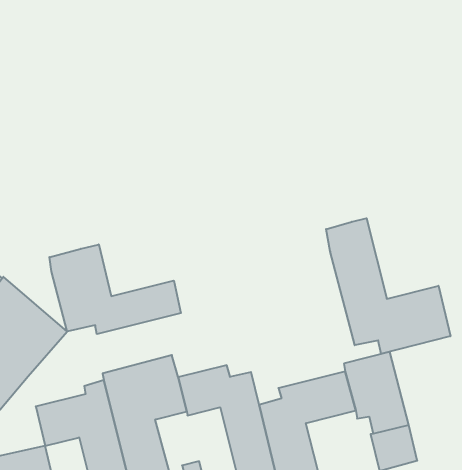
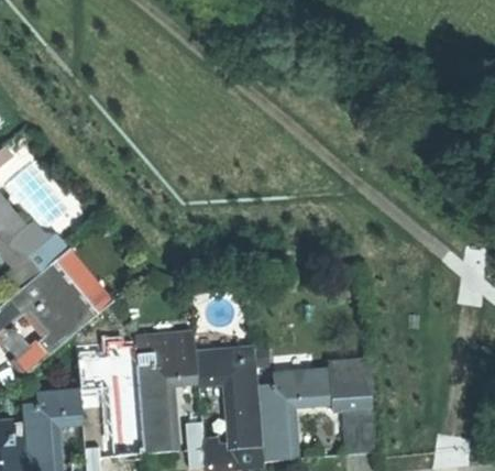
building: [326,218,450,354] -> none
building: [49,244,181,334] -> none

